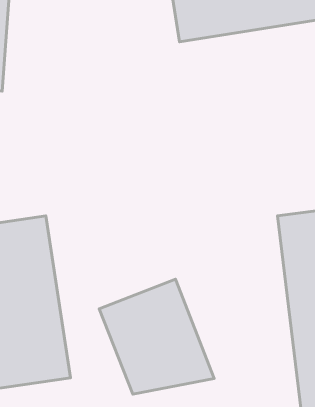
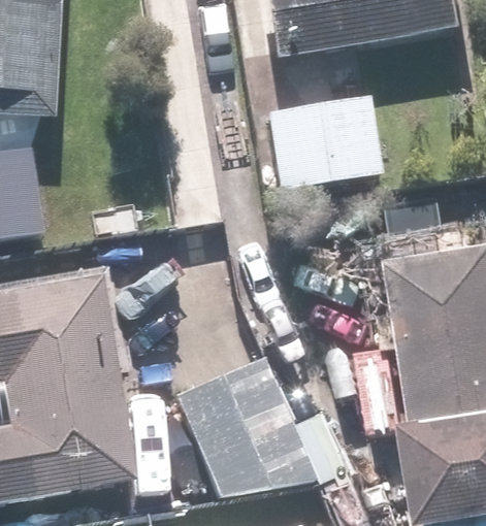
building: none -> [266,92,384,189]

